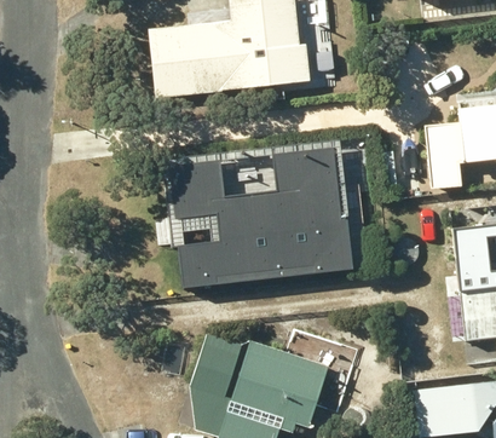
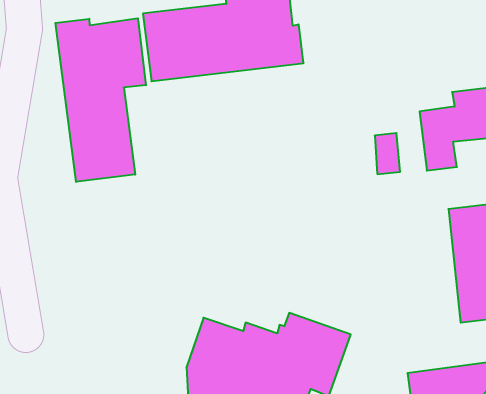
building: none -> [55,18,146,182]
building: [174,146,346,279] -> none

